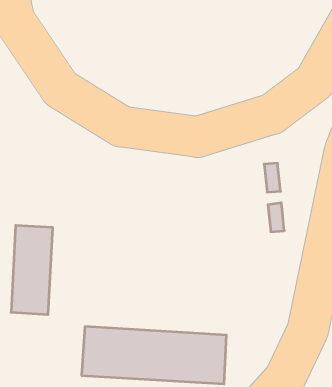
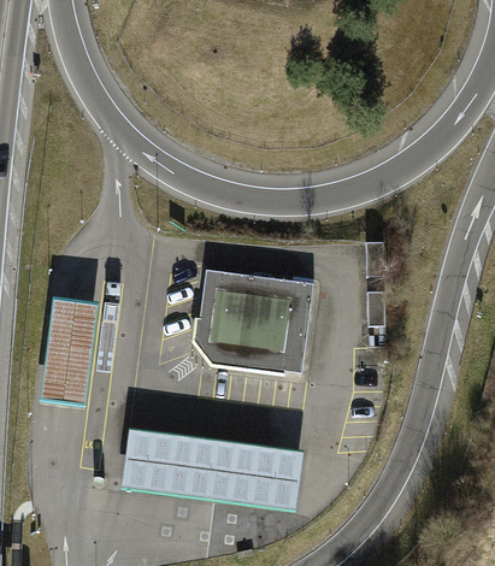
building: none -> [194,270,313,373]

